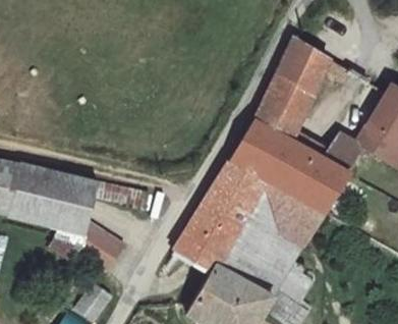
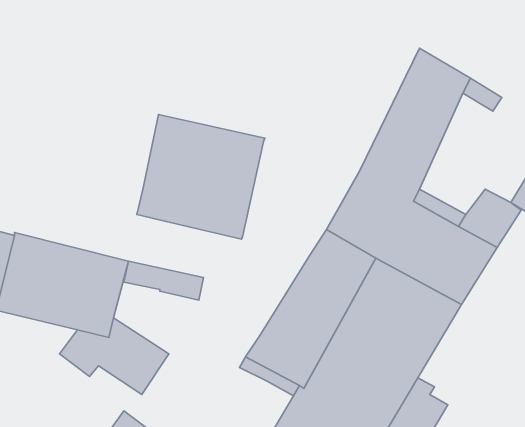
building: none -> [137,115,265,239]

